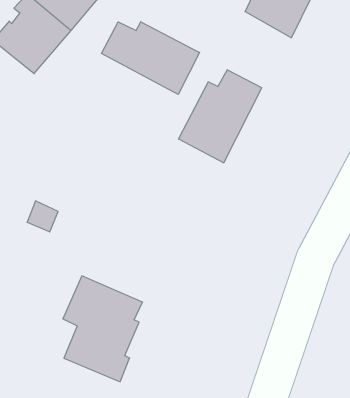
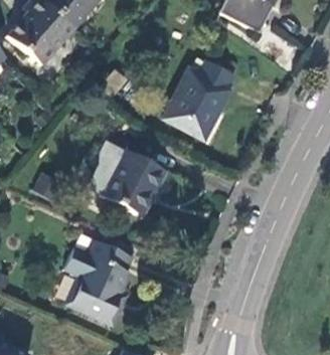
building: [102,22,200,94] -> none
building: none -> [91,144,167,215]

